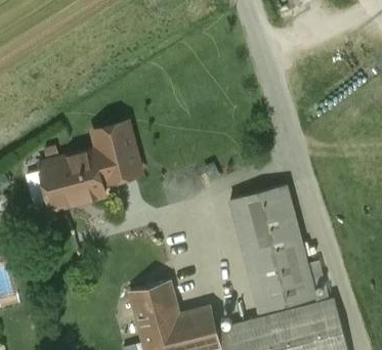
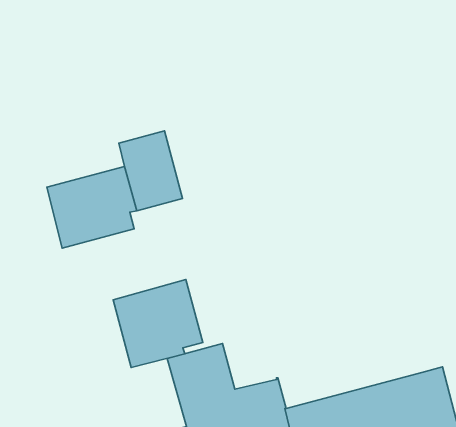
building: [229,185,315,311] -> none
building: none -> [113,279,203,368]

